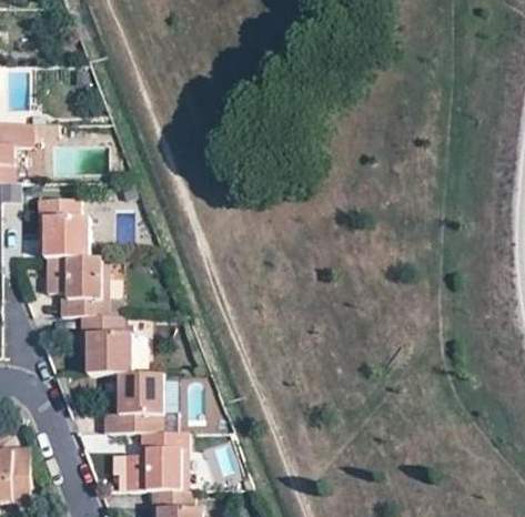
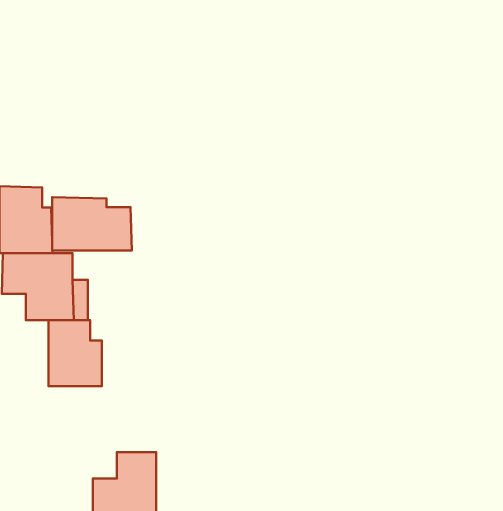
building: none -> [52,197,132,251]
building: [99,374,163,432] -> none

